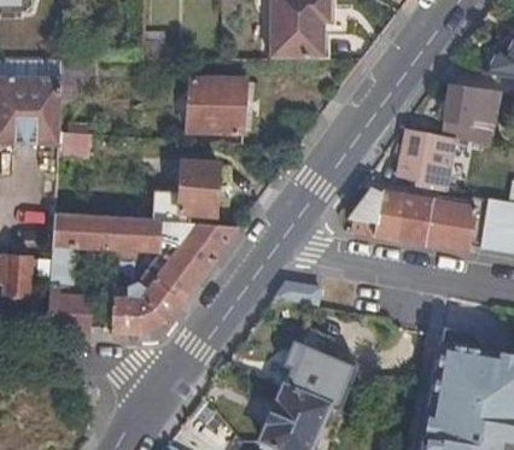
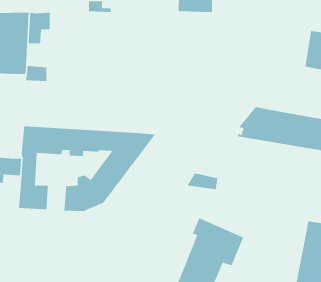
building: [187,77,246,132] -> none
building: [398,127,460,189] -> none
building: [152,160,218,223] -> none

